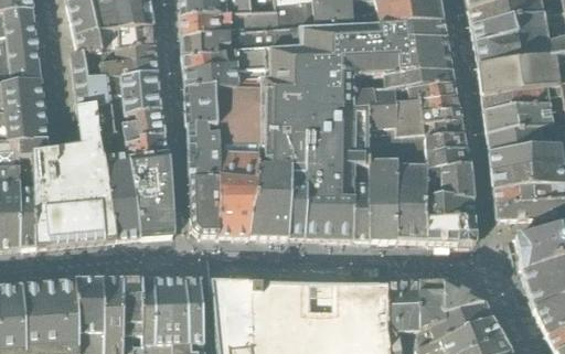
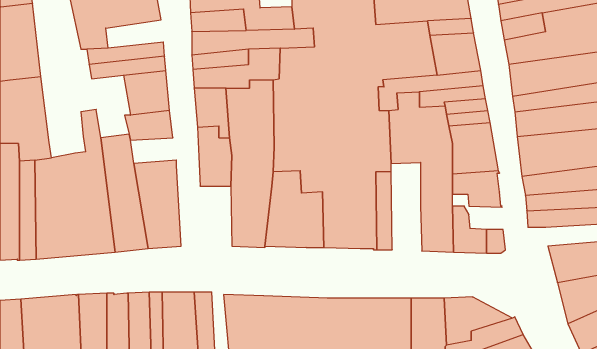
building: [102,23,156,50] -> none
building: [72,51,125,114] -> none
building: [125,133,168,158] -> none
building: [369,157,397,239] -> none
building: [190,179,220,235] -> none
building: [426,186,473,219] -> none

